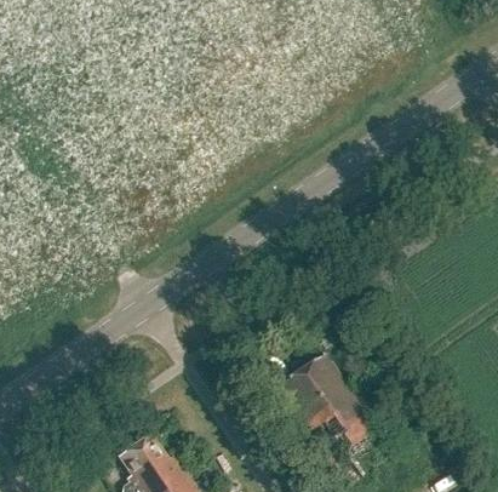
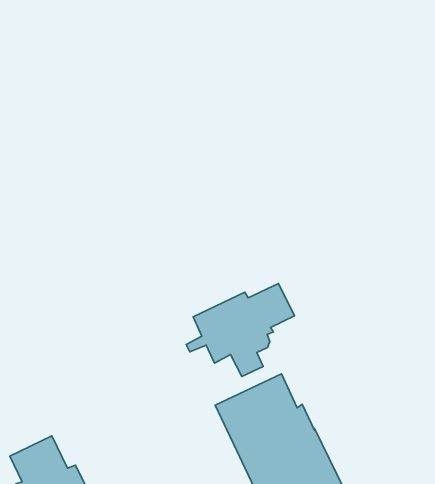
building: none -> [186,283,295,377]

